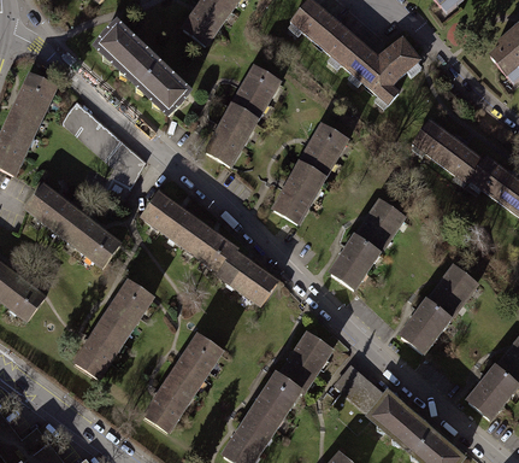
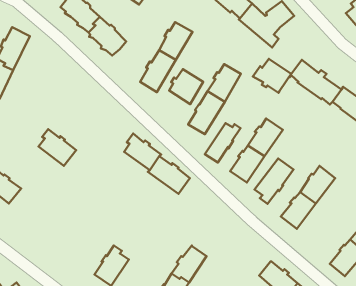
building: [63,105,140,199] -> none
building: none -> [253,59,291,93]
building: none -> [169,69,203,104]
building: [26,186,81,239] -> none
building: [142,194,197,246] -> none
building: none -> [205,123,241,162]
building: none -> [255,158,294,204]
building: [73,281,151,375] -> none
building: [279,333,331,391] -> none
building: [171,335,220,394] -> none
building: [337,367,387,414] -> none

